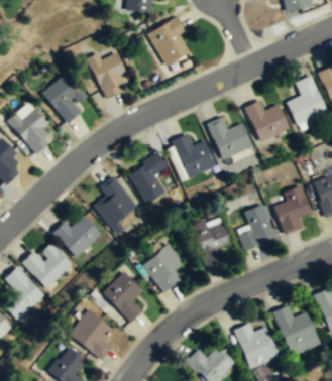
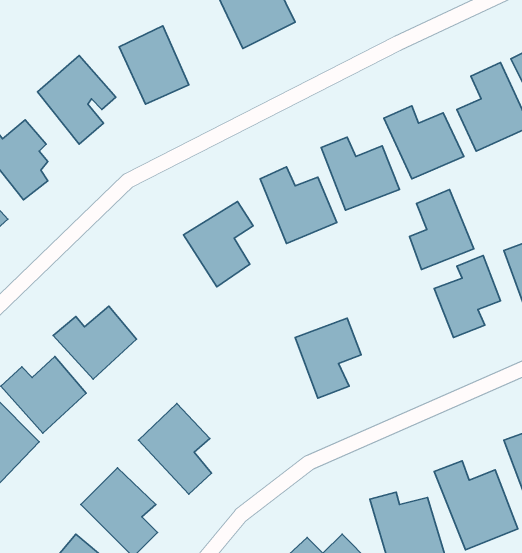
building: [93,177,137,229] -> none
building: [238,205,275,251] -> [409,190,474,270]
building: [141,245,184,294] -> none

